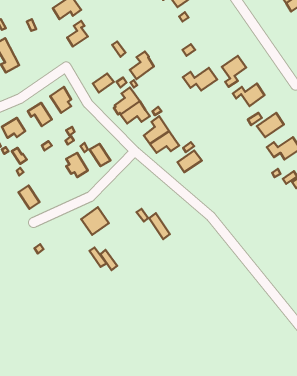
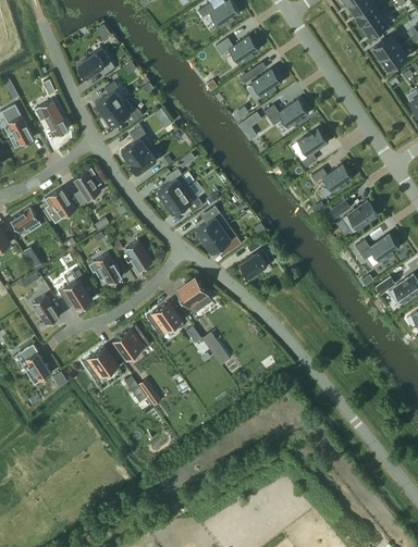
building: none -> [253,66,284,96]
building: none -> [34,99,69,137]
building: none -> [102,100,143,127]
building: [130,51,154,79] -> [120,127,151,163]
building: [183,68,217,90] -> [263,99,308,128]
building: none -> [58,271,90,309]
building: none -> [175,278,211,314]
building: none -> [145,301,181,337]
building: none -> [15,345,51,385]
building: none -> [82,347,118,383]

